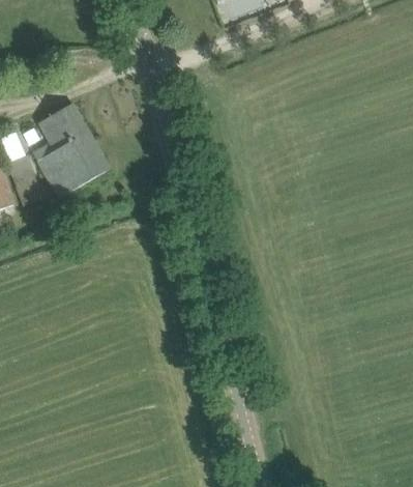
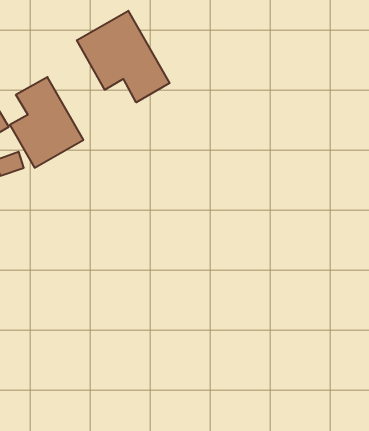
building: none -> [77,11,170,102]

